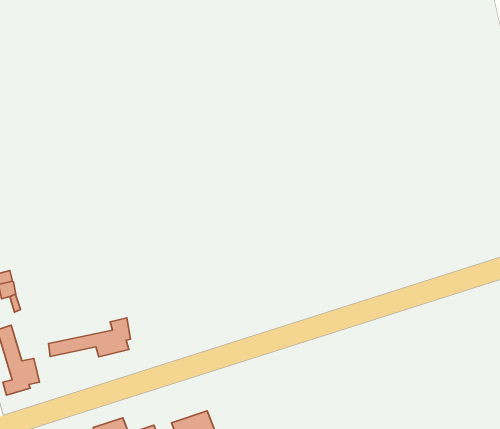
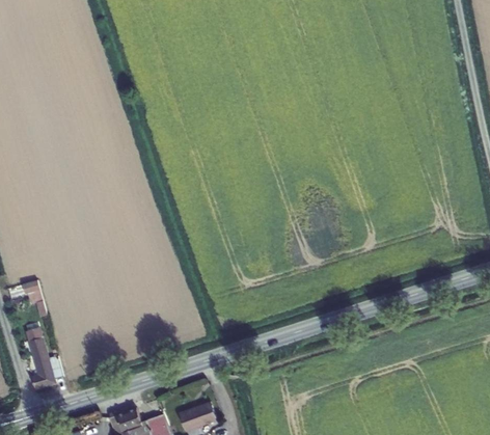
building: [48,318,131,357] -> none

